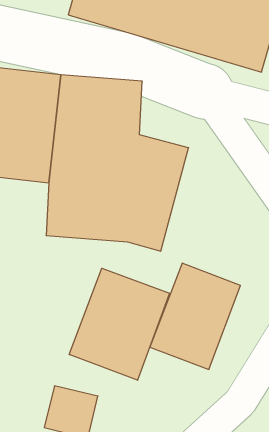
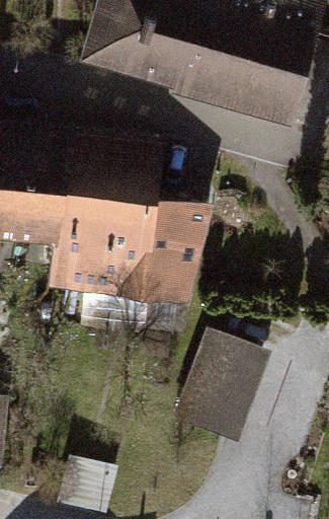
building: [69,268,169,380] -> none

